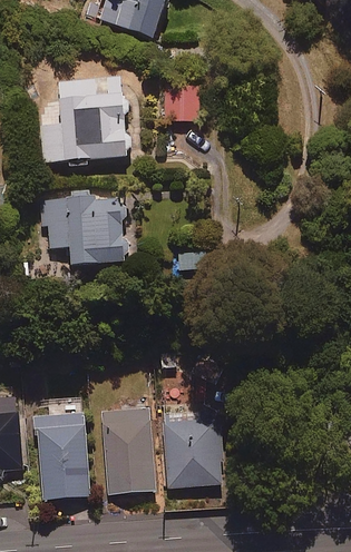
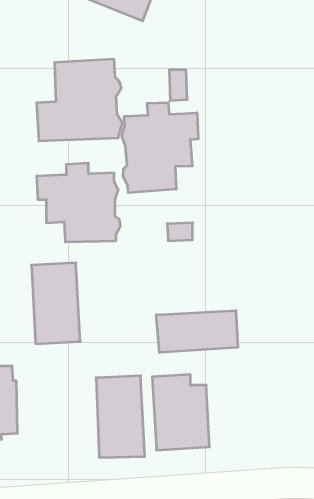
building: none -> [122,102,198,193]
building: none -> [156,310,238,353]
building: [37,415,88,500] -> [31,263,80,344]

